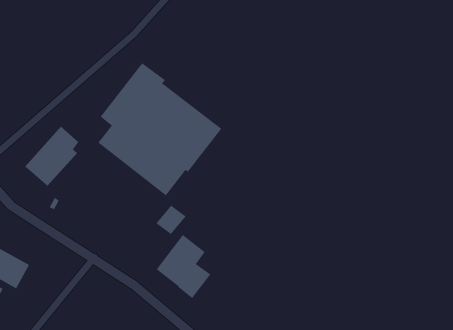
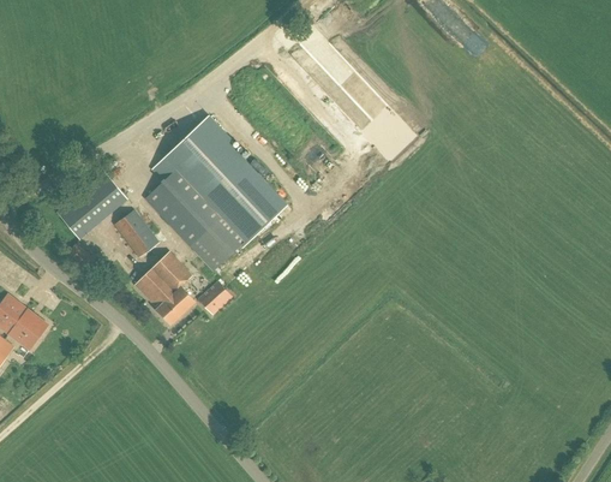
building: none -> [114,208,160,257]
building: [156,234,211,299] -> [134,250,196,325]

